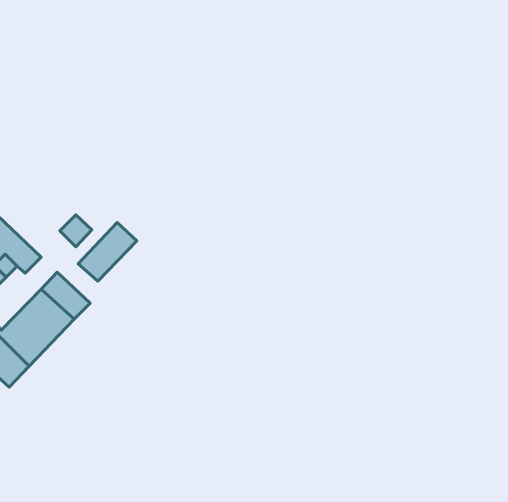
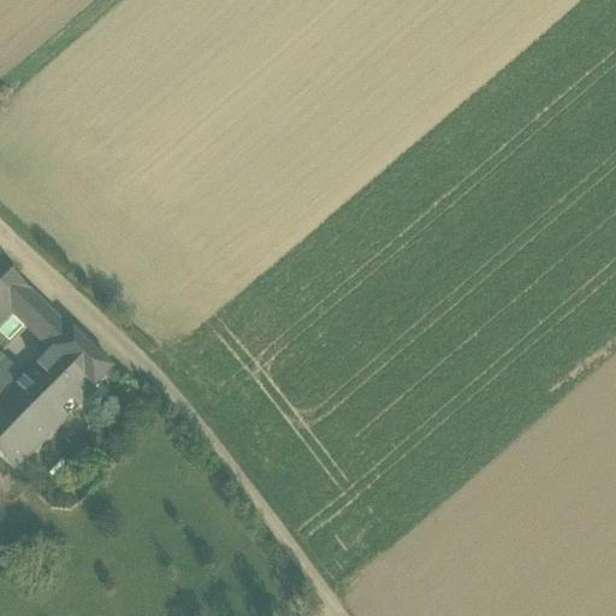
building: [60,215,92,247] -> [30,309,69,348]
building: [78,223,137,281] -> none

